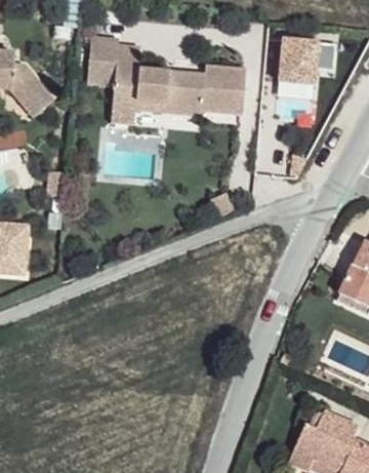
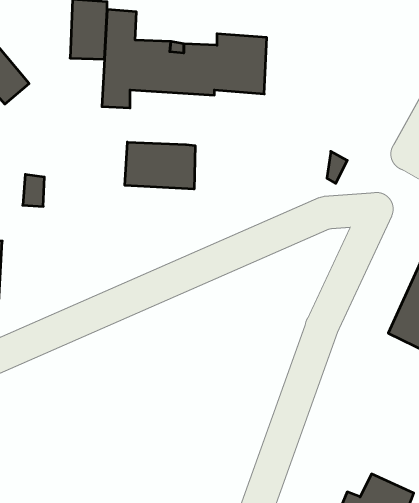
building: [281,40,338,85] -> none
building: none -> [125,142,195,189]

